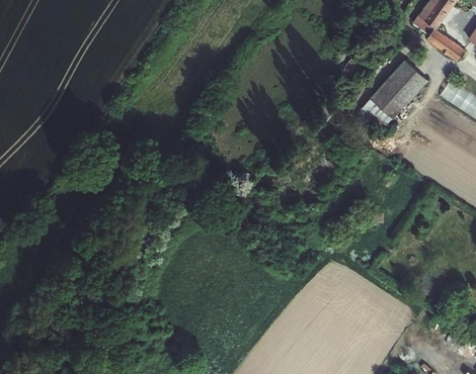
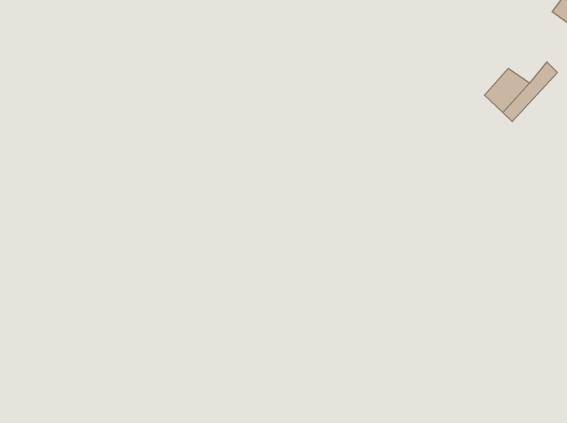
building: [391,65,420,93] -> none

